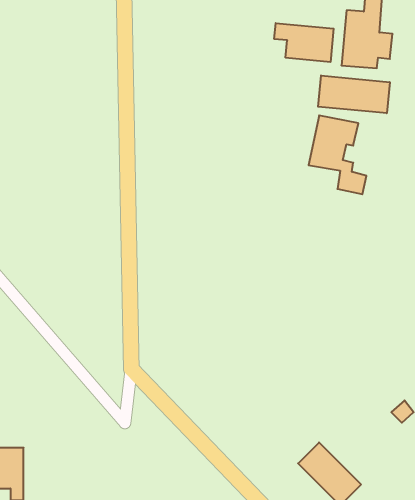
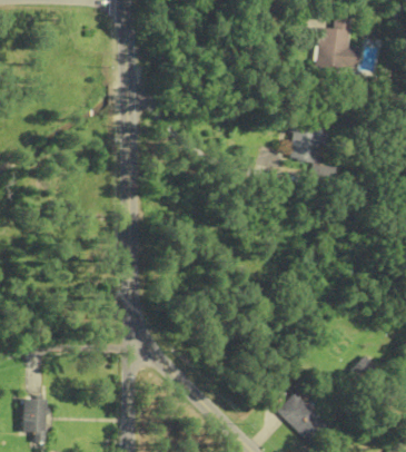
building: [274,23,334,62] -> none
building: [318,75,390,113] -> none

